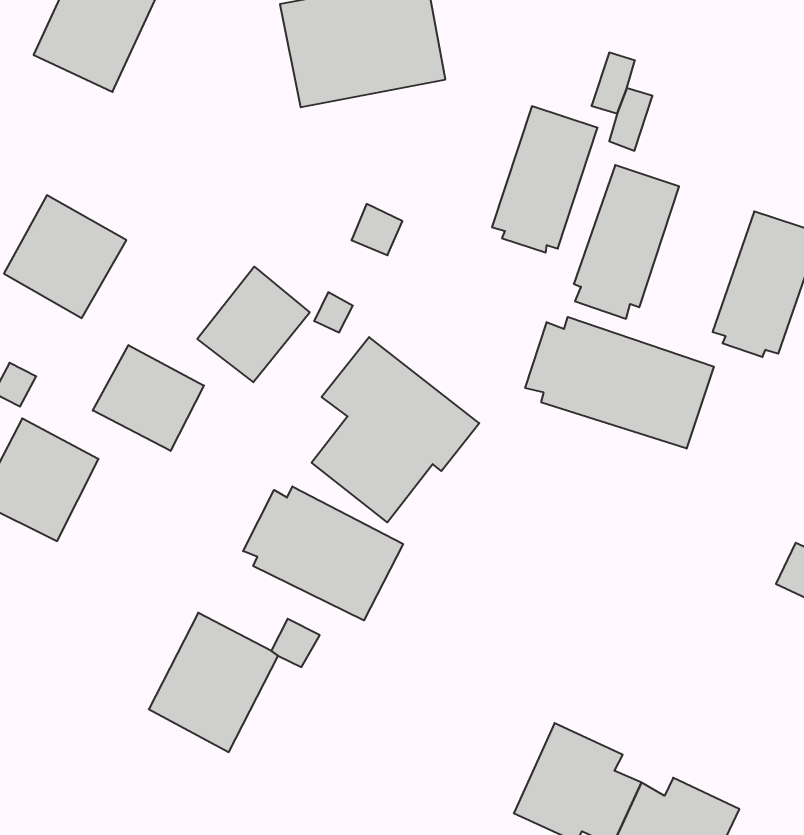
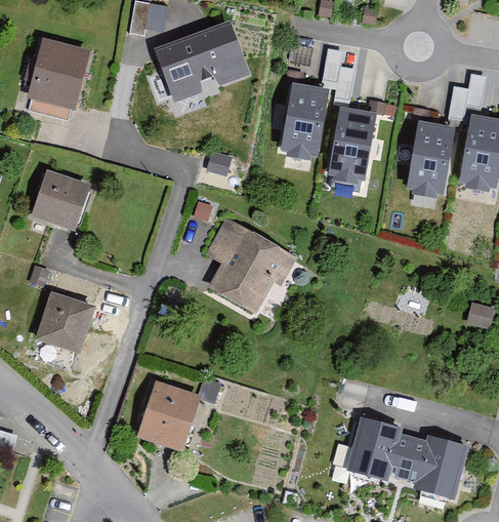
building: [197,267,310,382] -> none
building: [525,317,714,449] -> none
building: [93,345,204,451] -> none
building: [243,486,403,620] -> none

